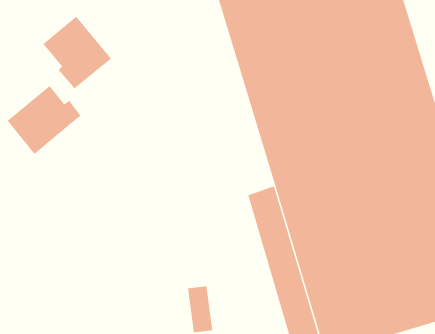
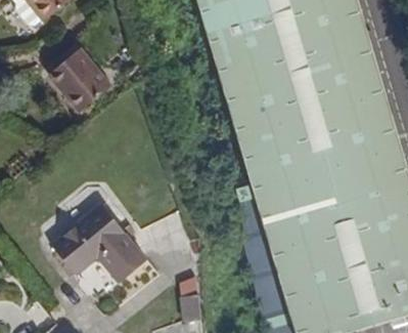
building: [7,85,81,155] -> none
building: none -> [44,214,138,292]

